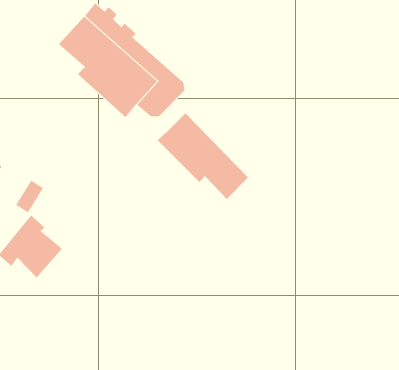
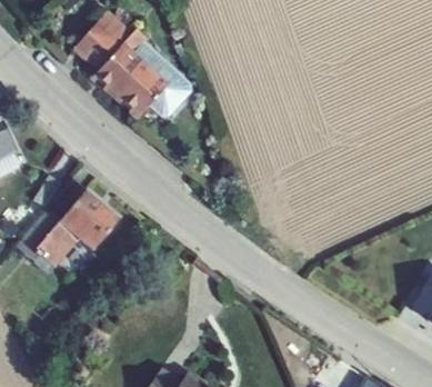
building: [157,113,249,200] -> none
building: none -> [58,192,117,251]

